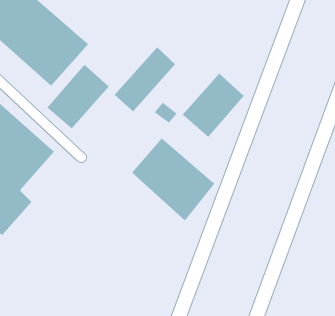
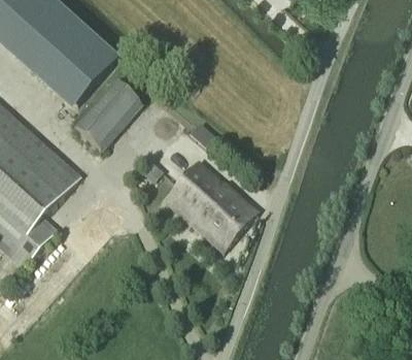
building: [114,47,176,112] -> none
building: [182,73,244,138] -> none

